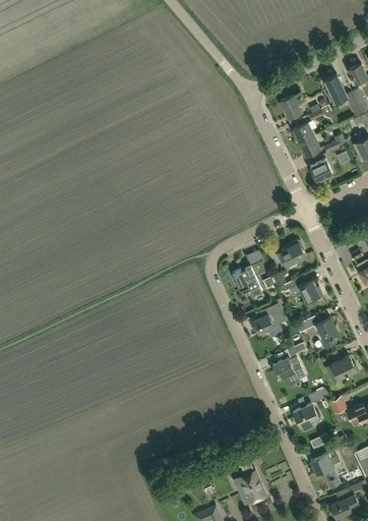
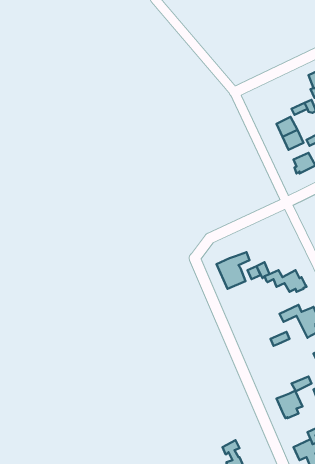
building: [280,93,305,119] -> none
building: [280,239,305,266] -> none
building: [253,304,285,338] -> none
building: [272,356,304,382] -> none

